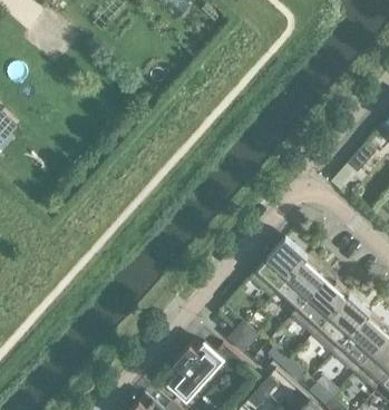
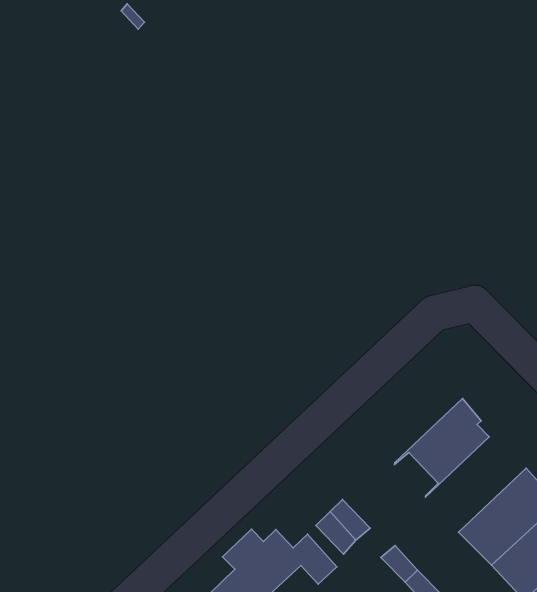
building: [249,241,308,299] -> none
building: [291,279,349,336] -> none

